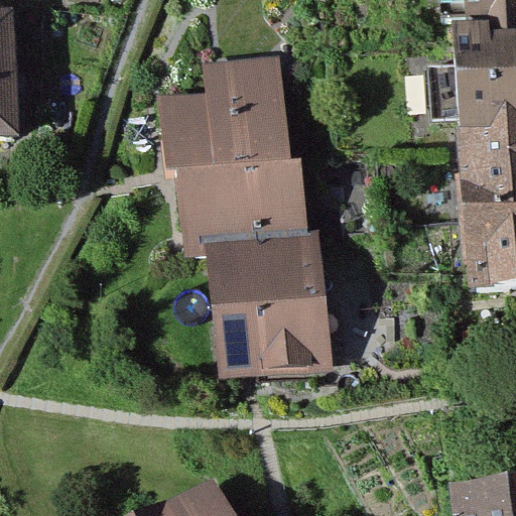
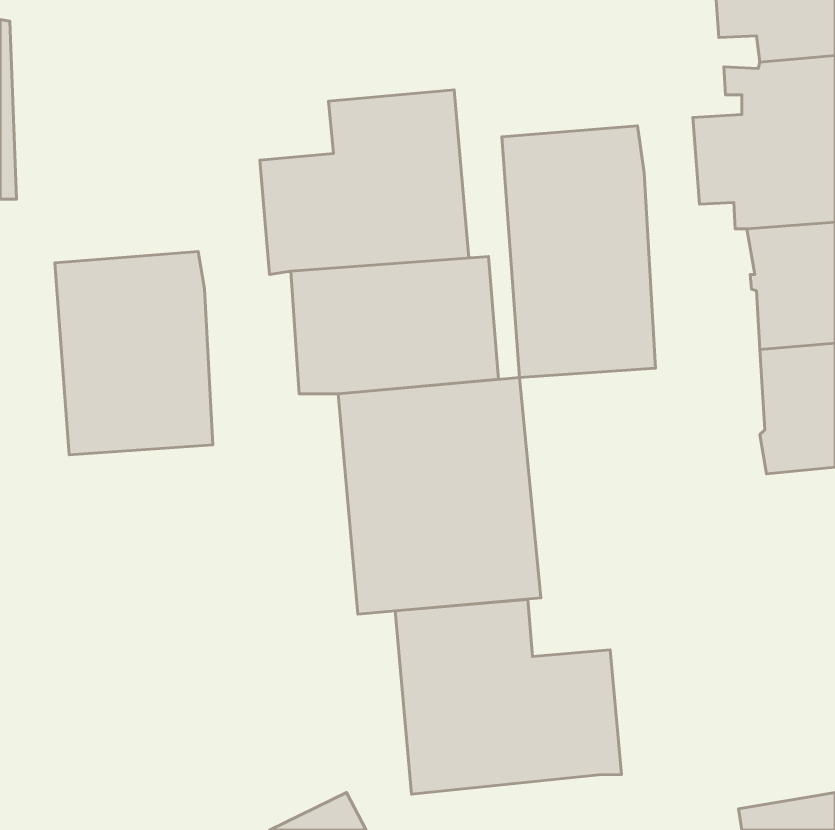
building: none -> [502,126,656,377]
building: none -> [55,251,213,455]
building: none -> [395,600,621,794]

